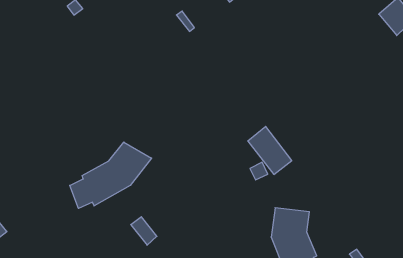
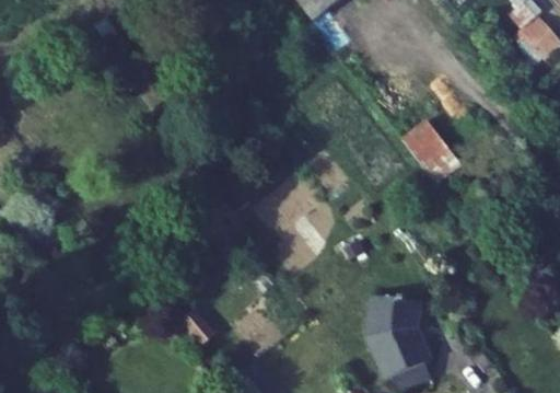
building: [248,126,292,174] -> [400,117,459,182]
building: [70,142,152,208] -> none

